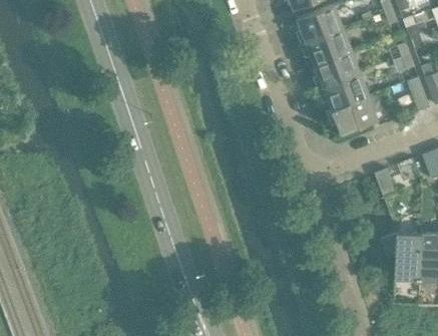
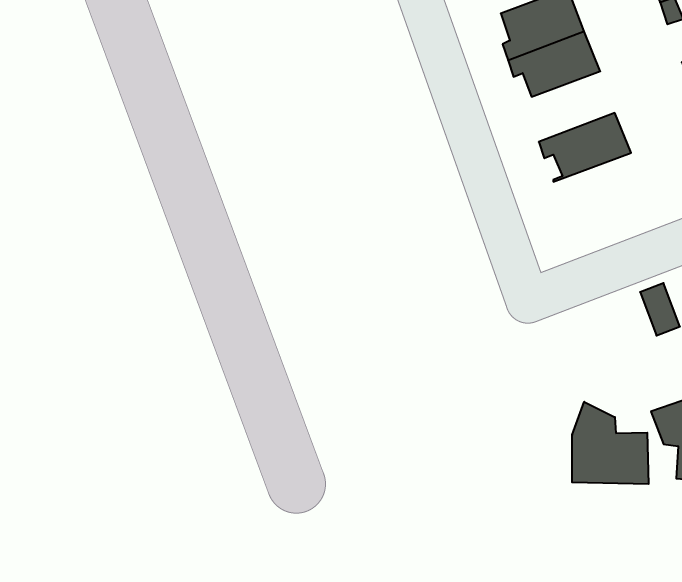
building: [314,50,360,89] -> none
building: [326,95,378,133] -> none
building: none -> [572,402,649,484]

